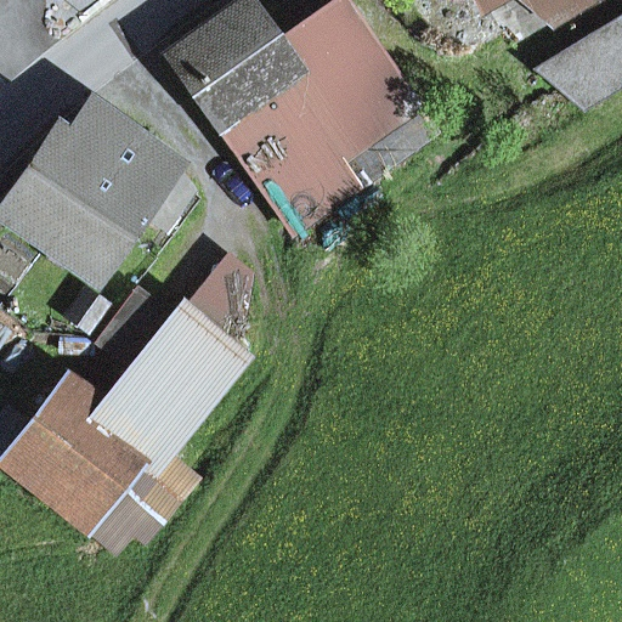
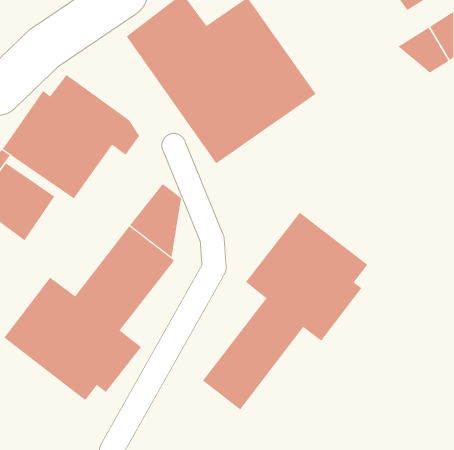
building: none -> [202,212,368,410]

